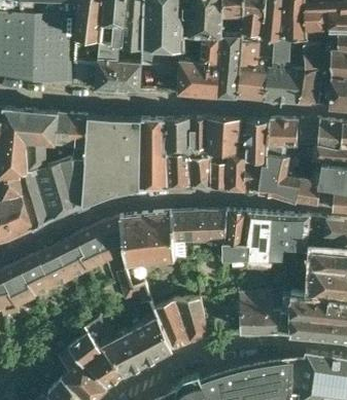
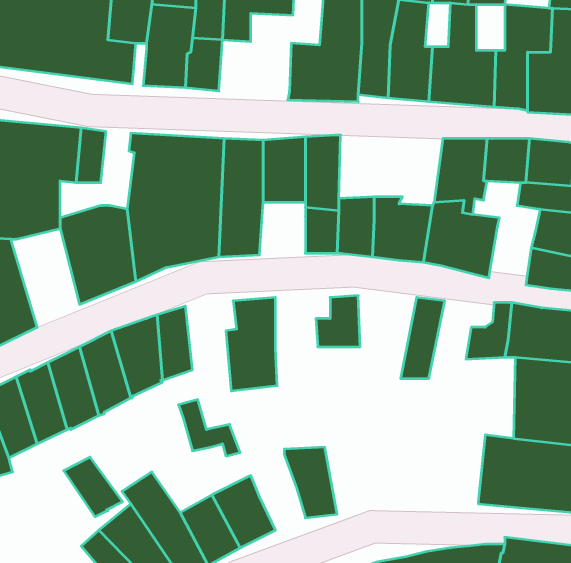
building: [71,115,91,160] -> none
building: [210,117,244,154] -> none
building: [245,119,271,158] -> none
building: [164,156,190,187] -> none
building: [298,171,324,205] -> none
building: [19,172,59,229] -> none
building: [221,211,255,259] -> none
building: [173,212,205,242] -> none
building: [120,214,150,269] -> none
building: [263,214,301,259] -> none
building: [240,292,296,332] -> none
building: [155,300,190,348] -> none
building: none -> [64,457,122,517]

